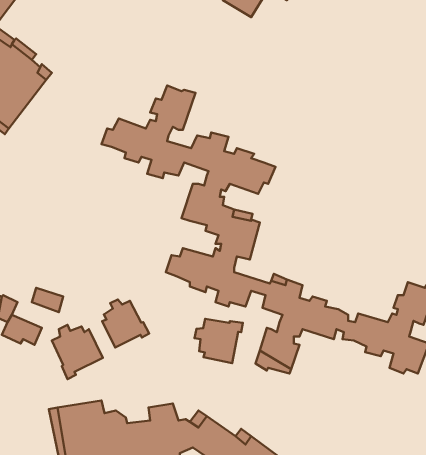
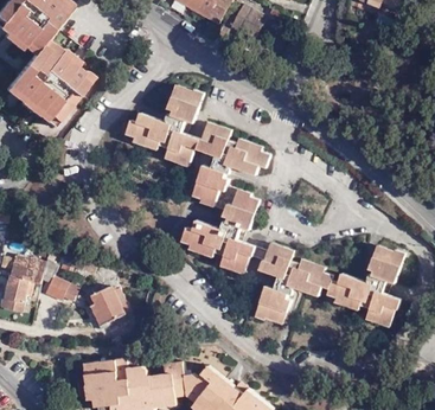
building: [102,300,149,347] -> none
building: [195,319,243,363] -> none

